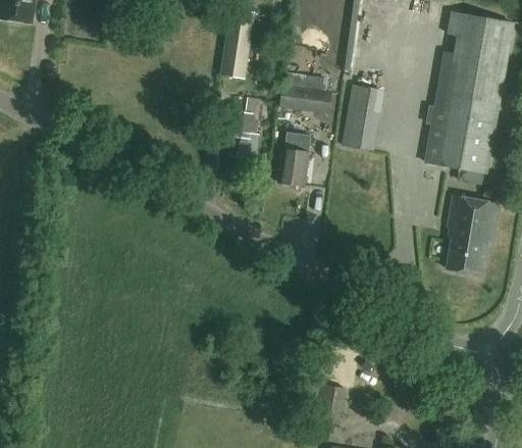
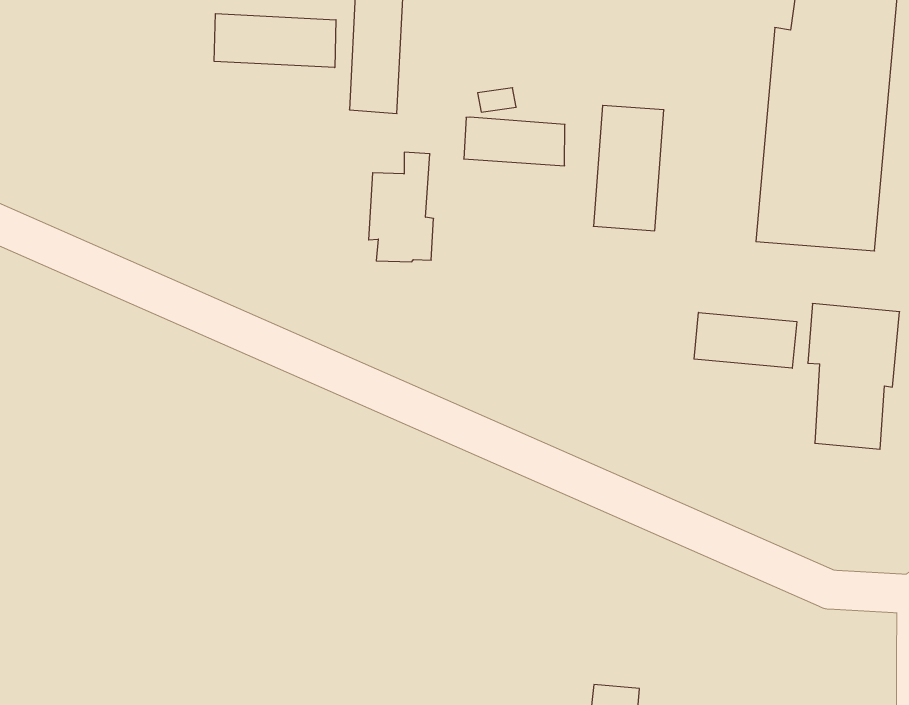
building: none -> [214,14,336,68]
building: [277,133,310,185] -> none
building: none -> [694,312,797,368]

